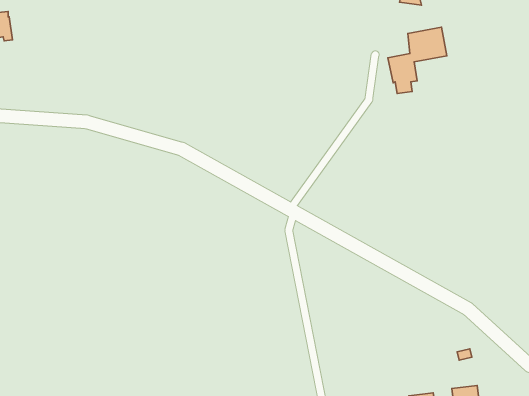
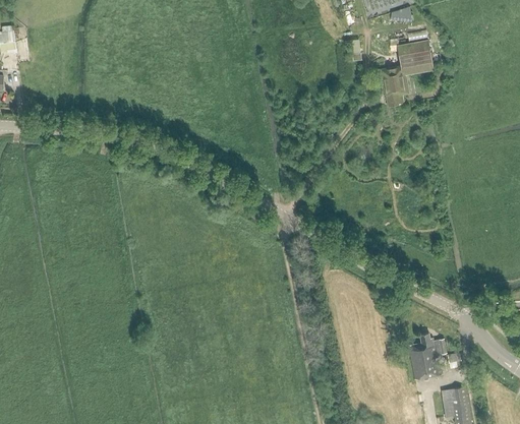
building: none -> [408,332,447,379]

